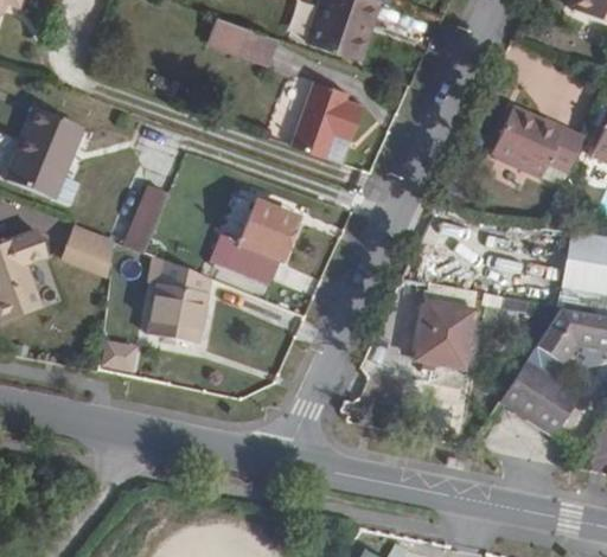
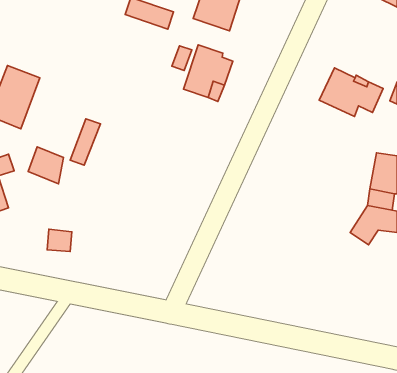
building: [215,198,301,278] -> none
building: [141,256,212,335] -> none
building: [409,286,468,367] -> none
building: [498,363,577,436] -> none

